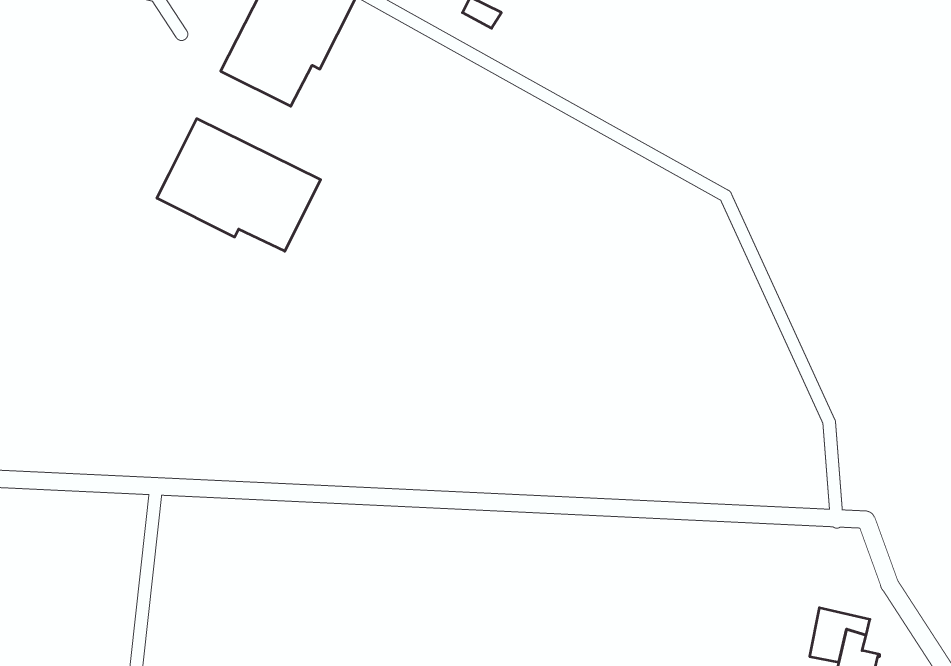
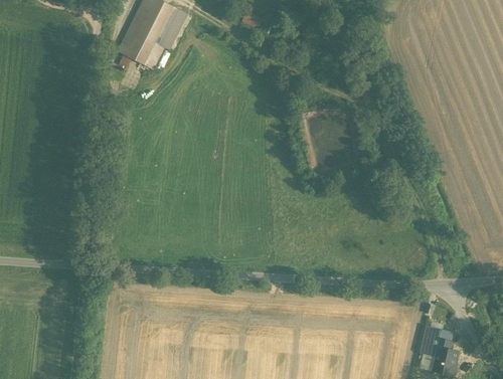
building: [157,119,321,251] -> none

